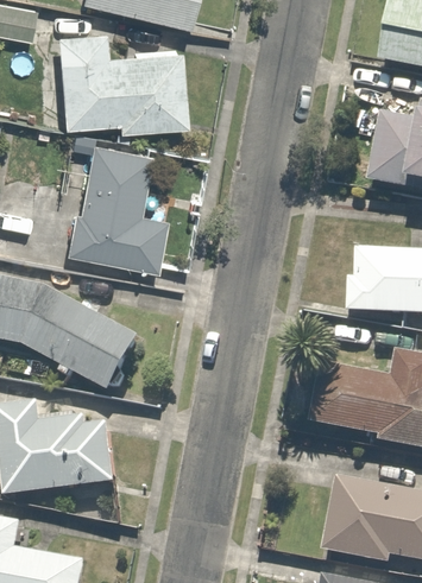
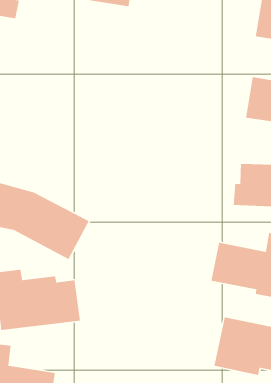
building: [55,23,185,128] -> none
building: [61,141,163,265] -> none

